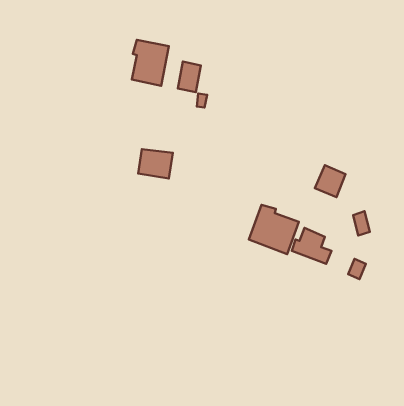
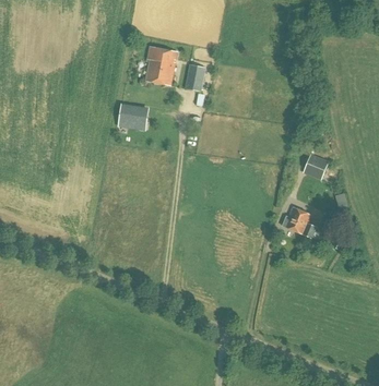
building: [138,149,173,179] -> [118,105,147,130]
building: [249,205,299,254] -> none

